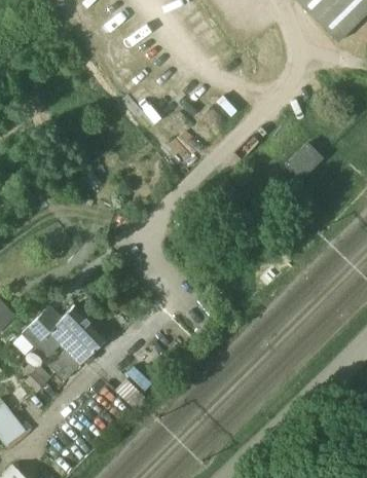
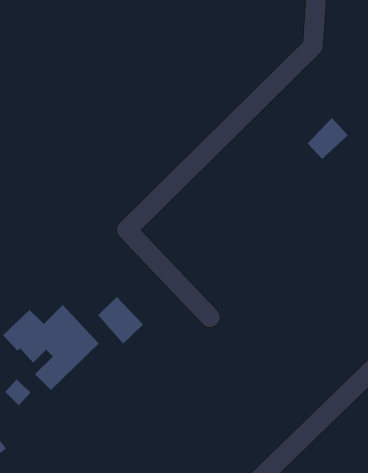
building: none -> [98,296,144,345]

